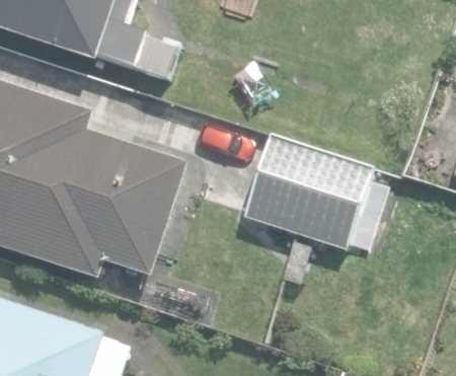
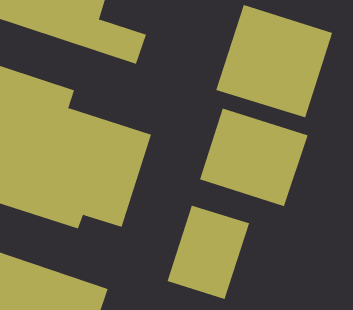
building: none -> [216,4,333,118]
building: none -> [167,205,250,300]

